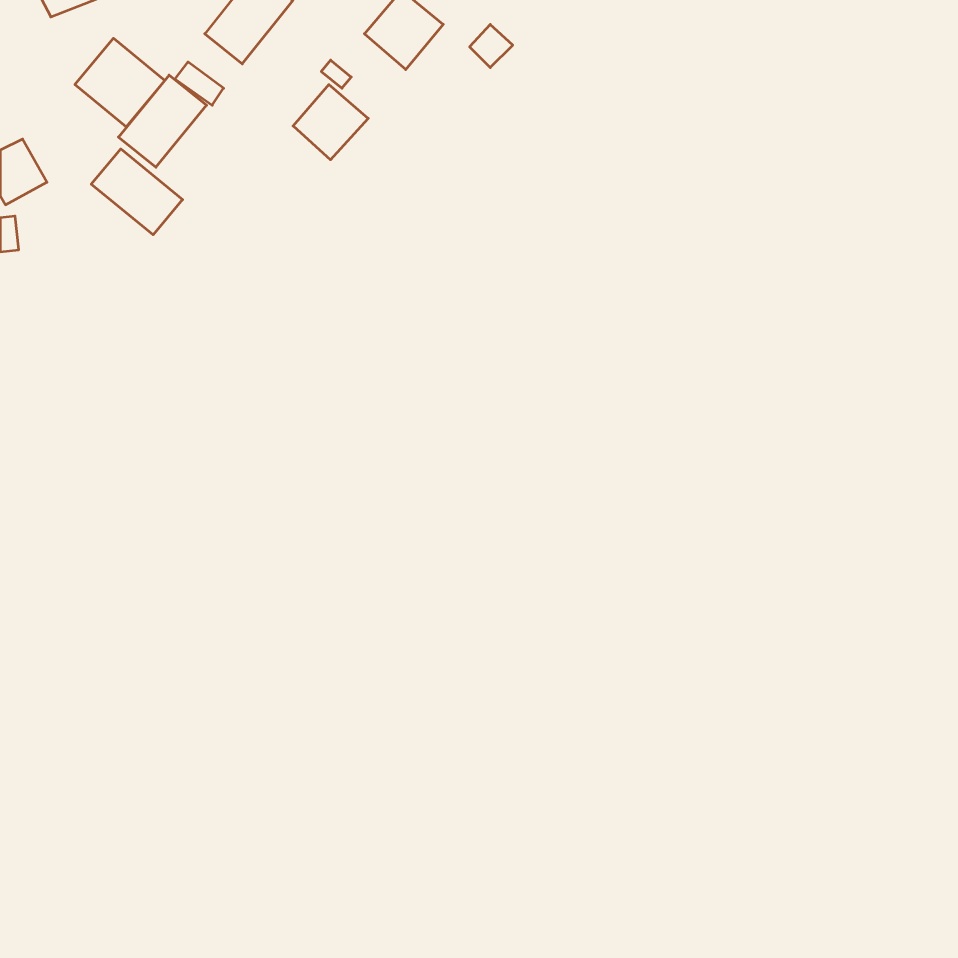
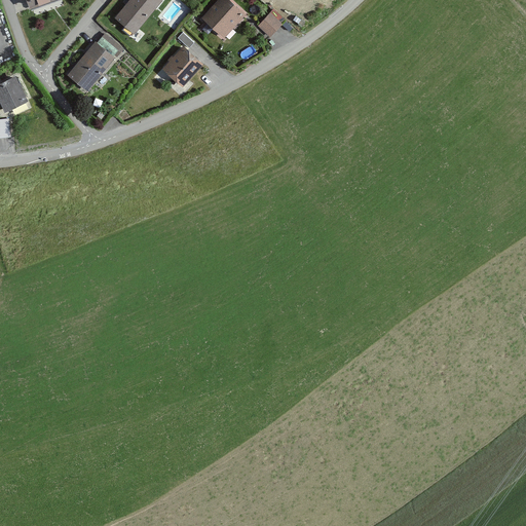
building: [75,38,165,127] -> none
building: [91,149,183,235] -> none

